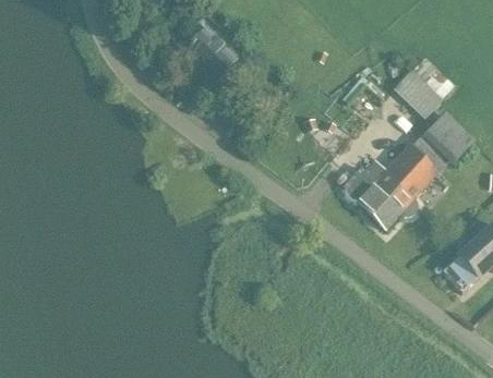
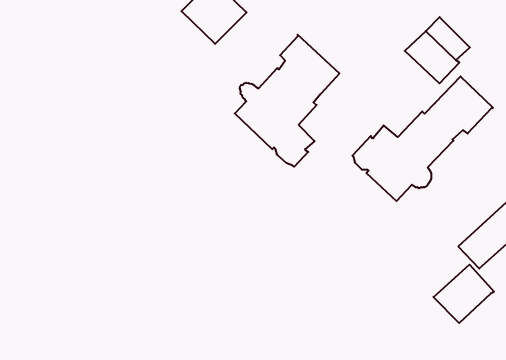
building: none -> [235,35,339,167]
building: none -> [433,265,494,323]

